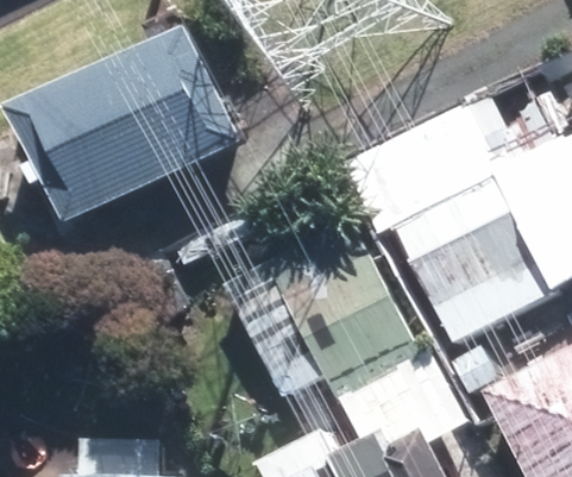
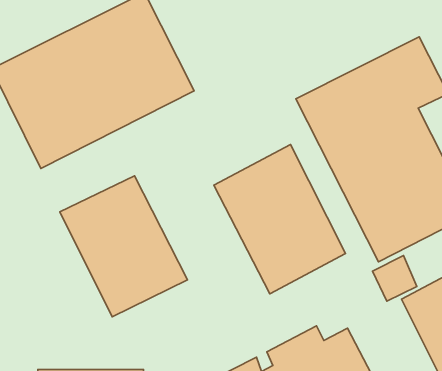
building: none -> [60,176,187,317]

